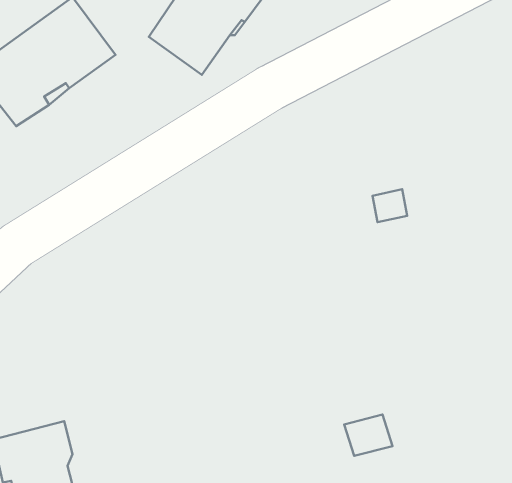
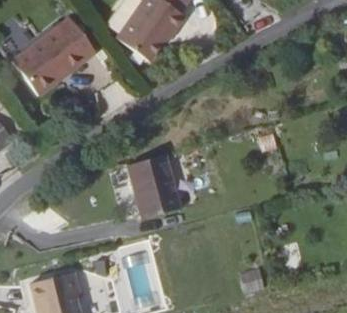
building: none -> [123,156,177,218]

